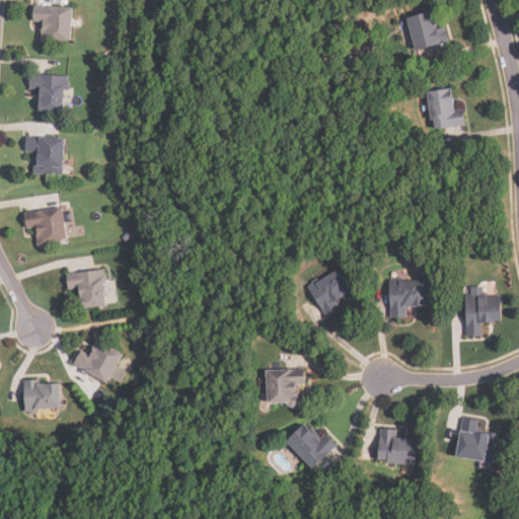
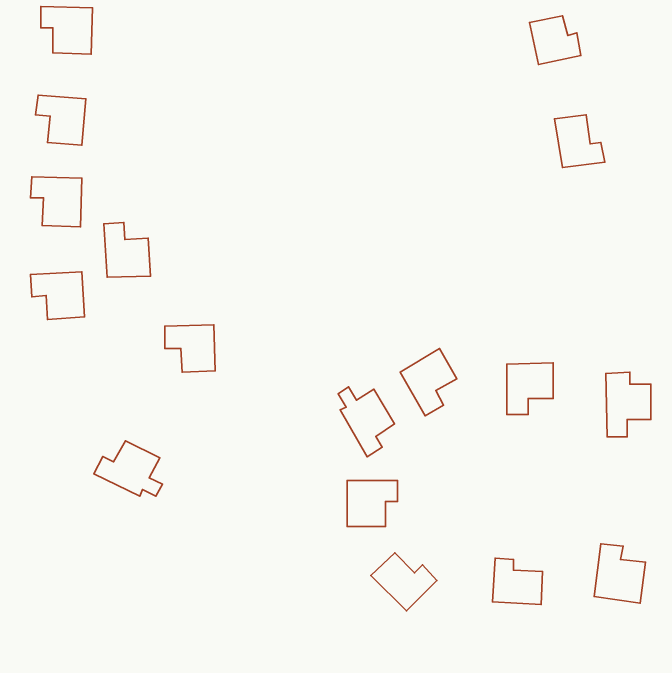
building: none -> [104,223,151,277]
building: [66,271,104,307] -> [165,325,215,372]
building: none -> [338,387,394,457]
building: [23,381,59,411] -> none

